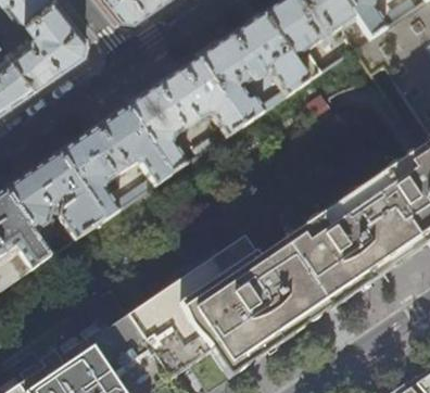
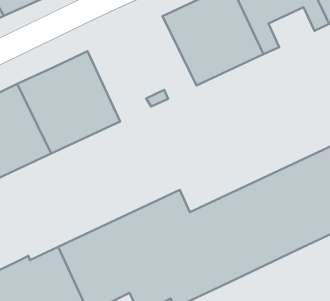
building: [123,60,241,176] -> none

